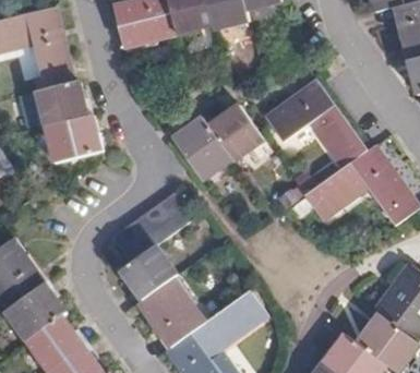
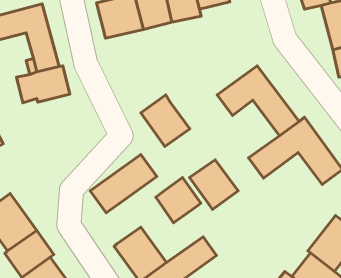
building: [209,105,269,166] -> [189,160,238,209]
building: [47,116,100,164] -> none
building: [122,245,178,301] -> [156,178,201,223]

